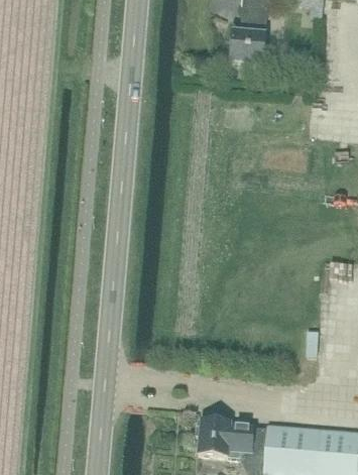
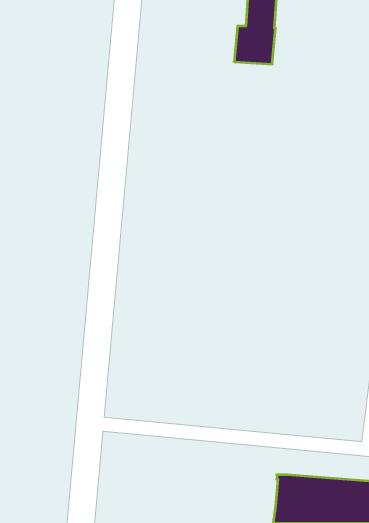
building: [197,419,268,456] -> none

